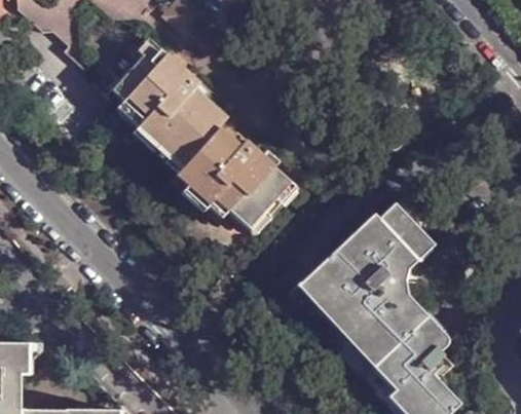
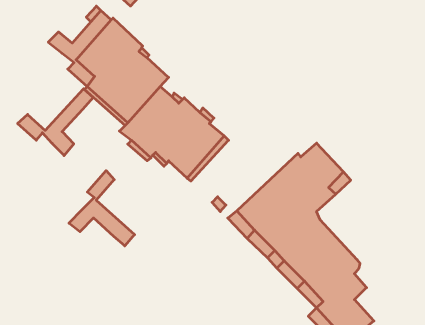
building: none -> [18,89,93,156]
building: none -> [69,171,135,246]

